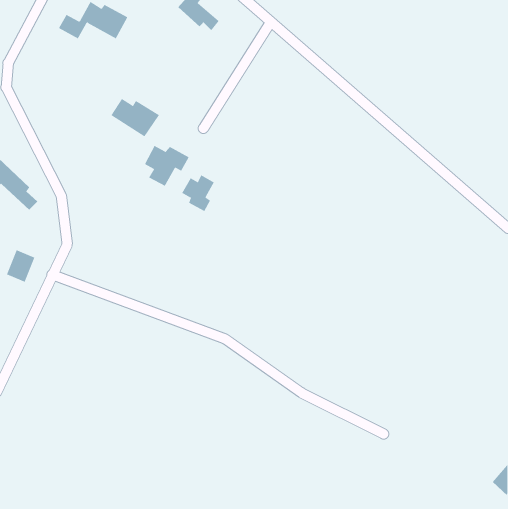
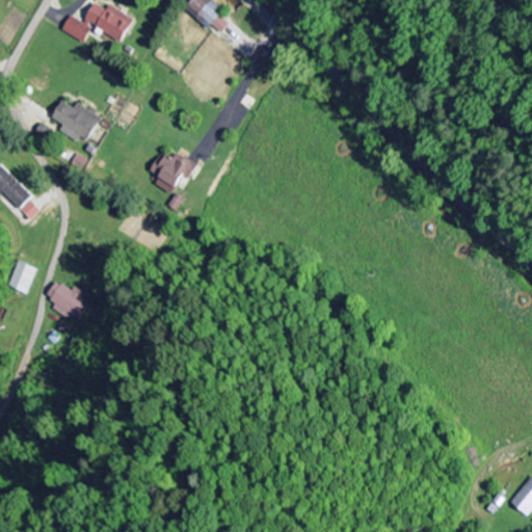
building: [111,98,160,137] -> [50,100,101,140]
building: [181,174,215,212] -> none
building: none -> [47,280,91,322]

